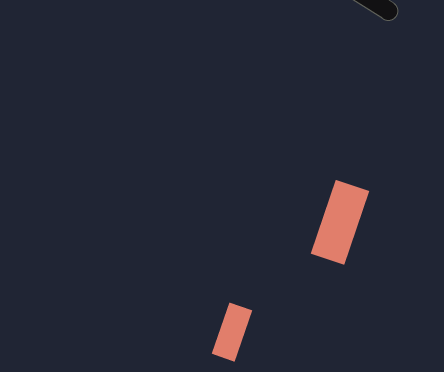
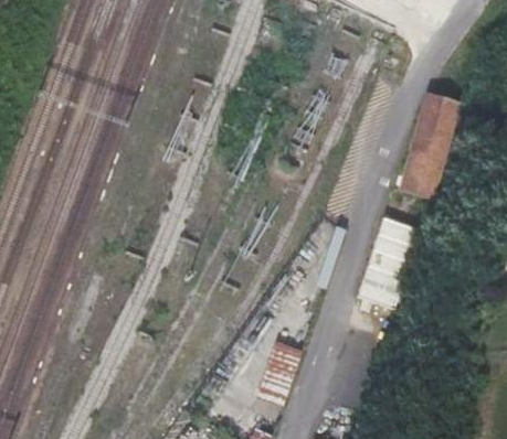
building: none -> [404,99,462,194]

